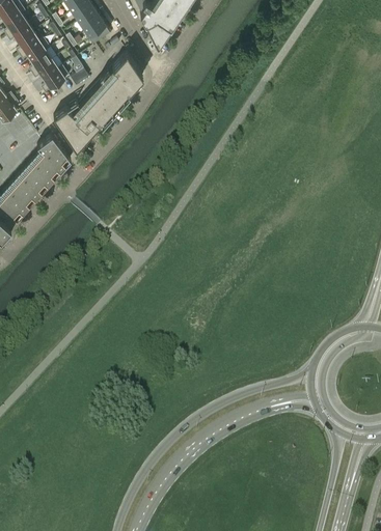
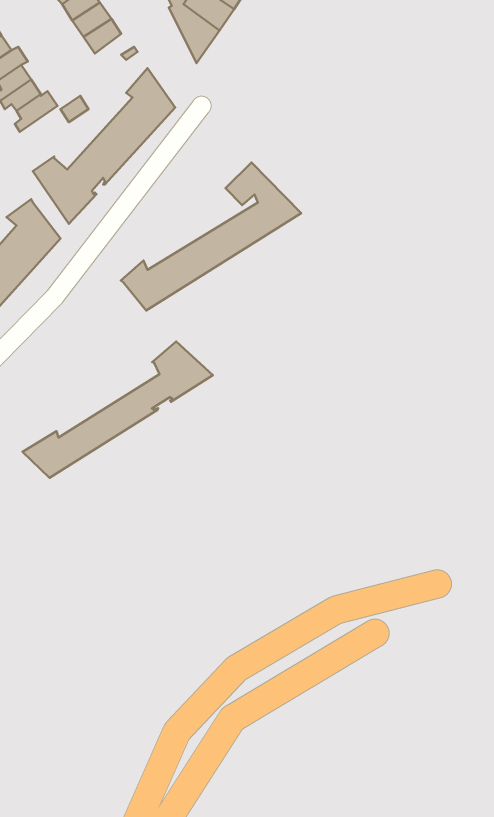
building: none -> [121,163,301,310]
building: none -> [22,342,213,478]

